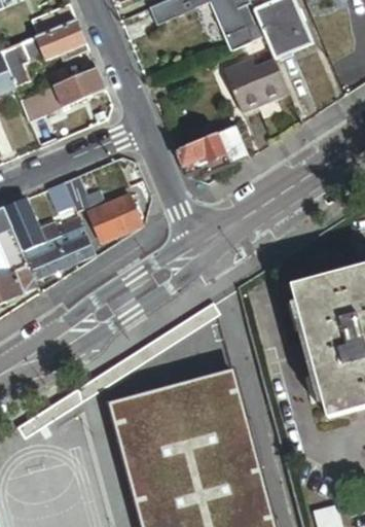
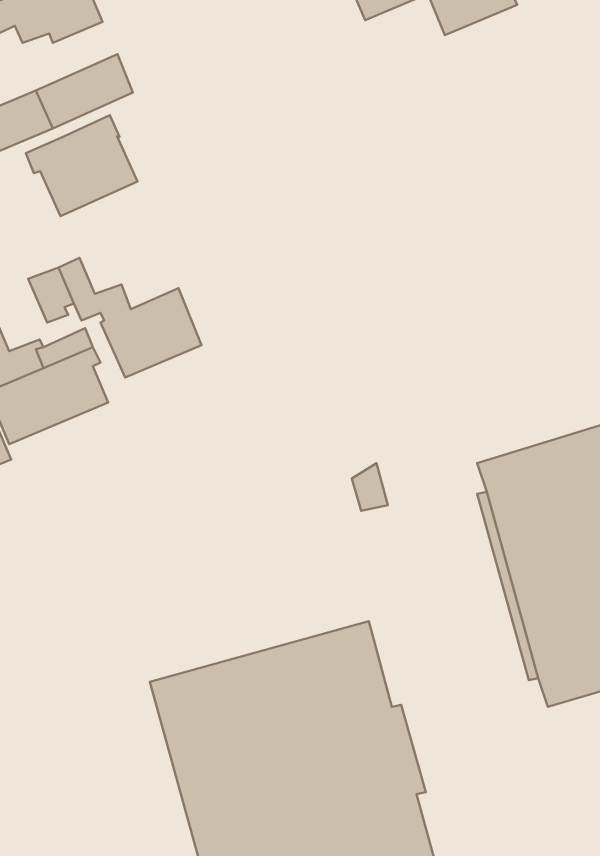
building: [222,57,287,111] -> none
building: none -> [26,115,137,216]
building: [173,125,246,173] -> none

